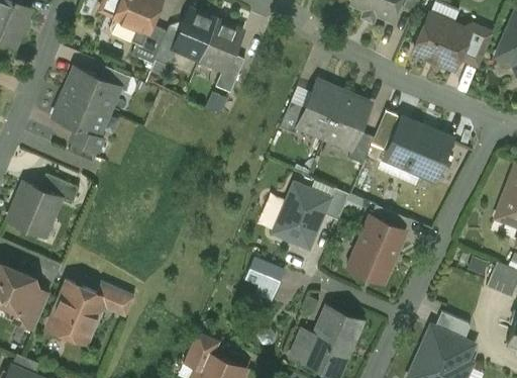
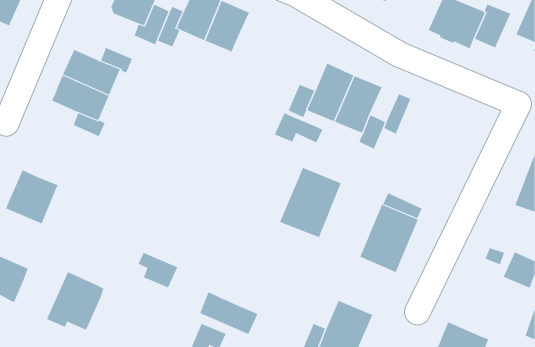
building: [214,55,243,92] -> none
building: [391,117,451,180] -> none
building: none -> [274,113,323,143]
building: [39,174,77,204] -> none
building: [247,257,285,289] -> none
building: [95,282,133,316] -> [138,252,178,288]
building: [11,287,47,329] -> none
building: none -> [199,292,258,335]
building: [433,312,470,343] -> none

